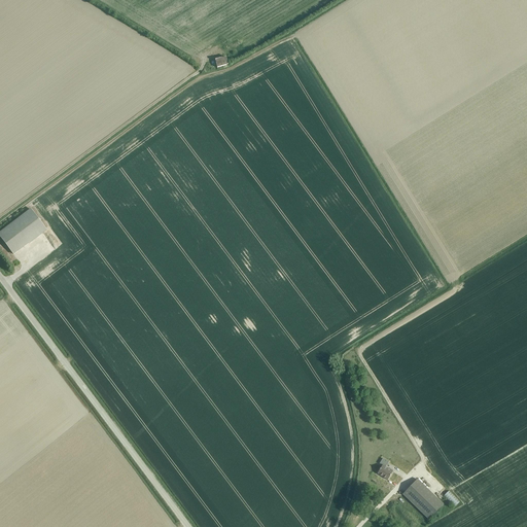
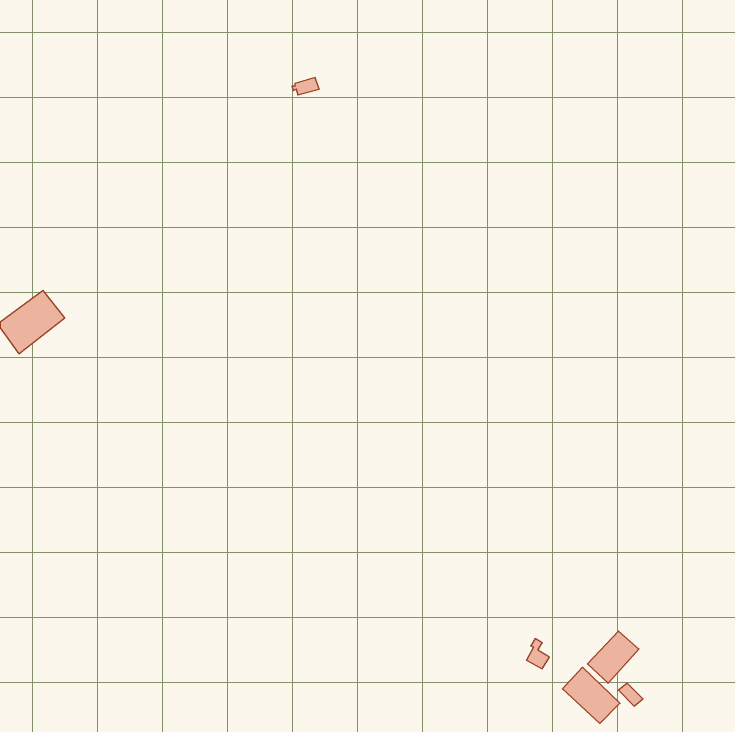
building: none -> [587,631,639,683]

